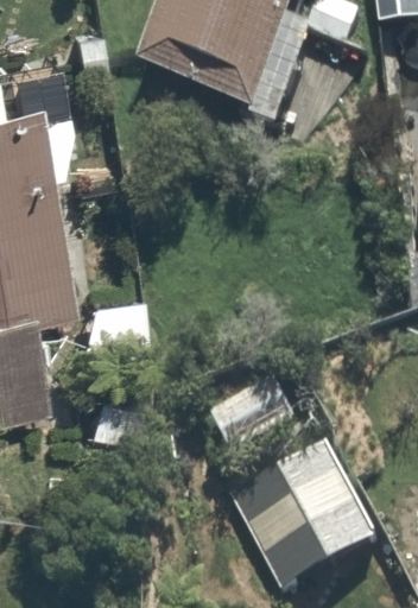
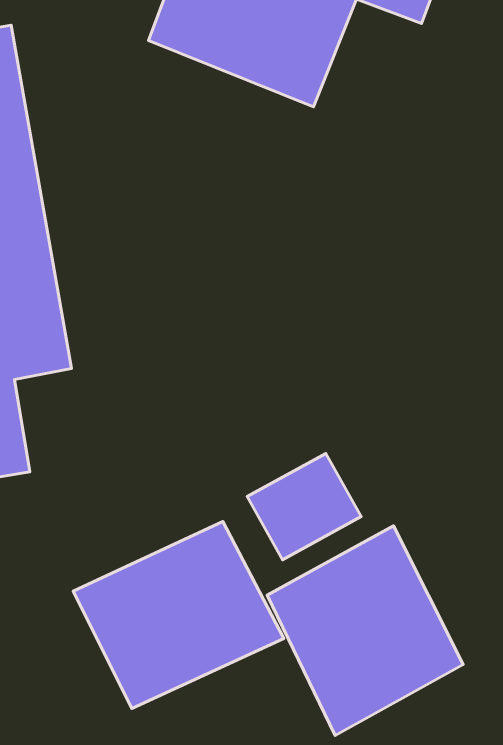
building: none -> [73,521,284,709]

